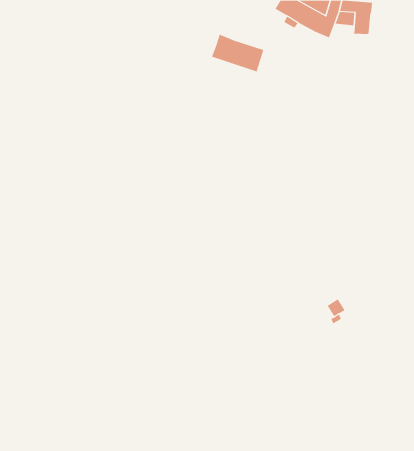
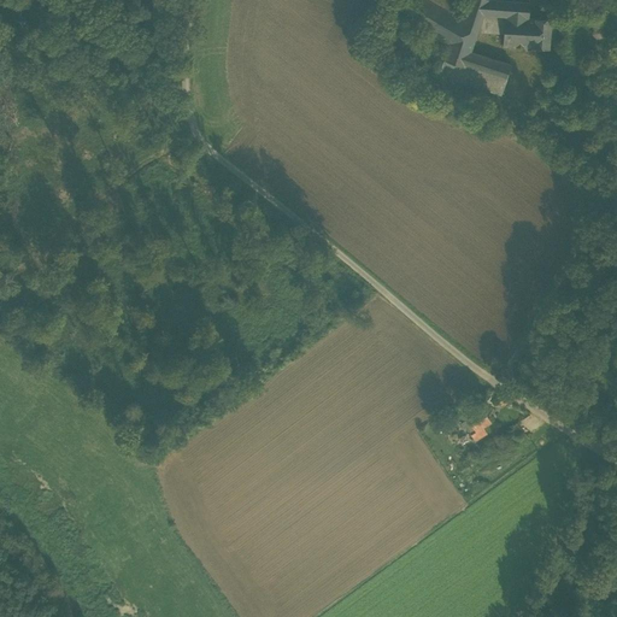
building: none -> [525,20,552,52]
building: [211,34,264,72] -> [440,46,512,98]

